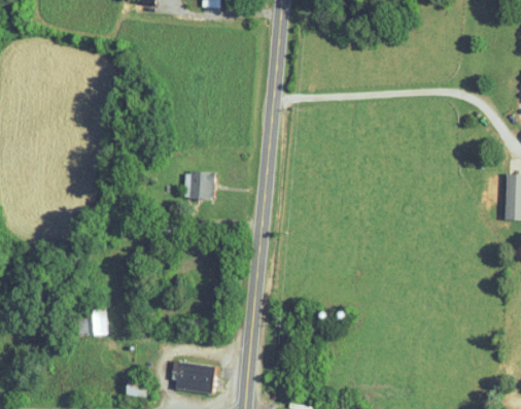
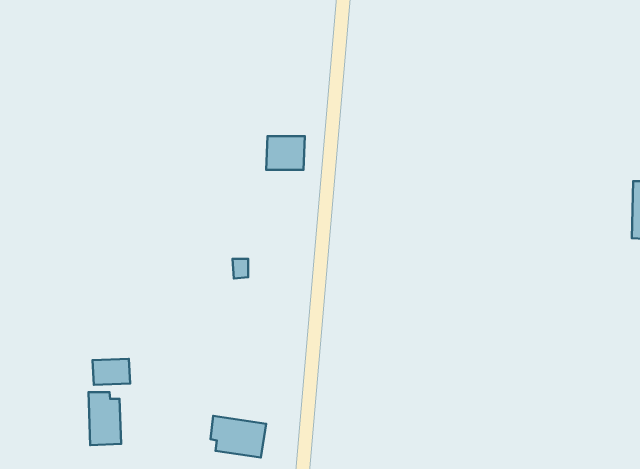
building: [184,172,215,199] -> [266,136,305,170]
building: none -> [88,392,121,445]

